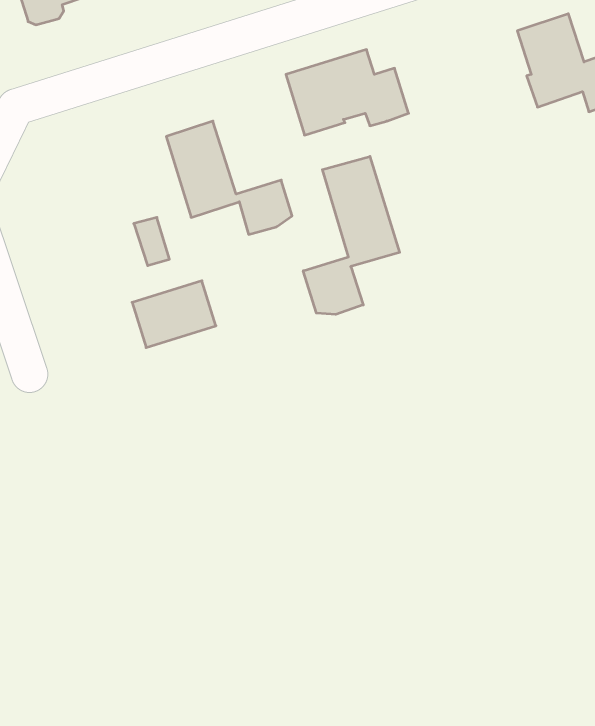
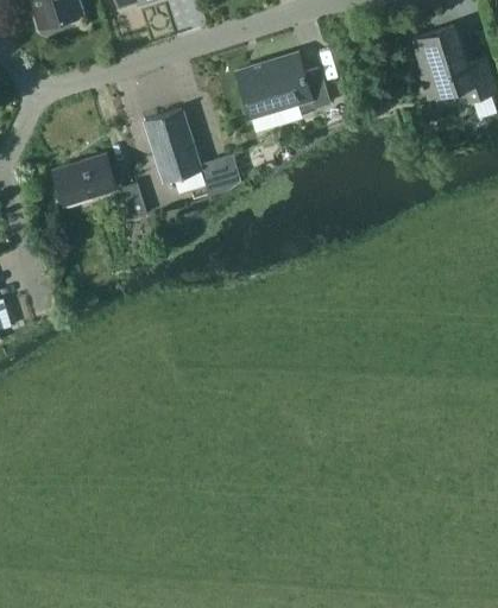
building: [303,156,400,314] -> none
building: [132,281,216,348] -> [52,154,116,205]

